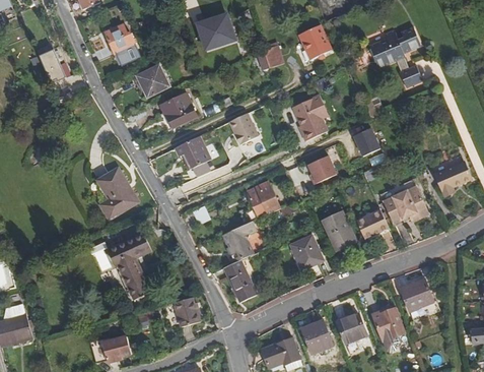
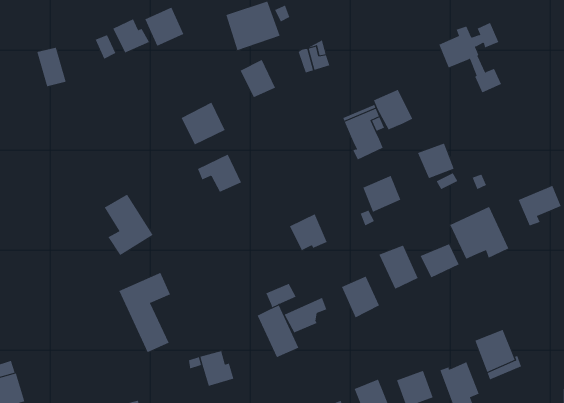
building: [299,26,332,60] -> [373,89,413,130]
building: [137,65,169,98] -> [144,7,184,47]
building: [228,113,258,144] -> [240,59,276,98]
building: [221,221,257,250] -> [284,297,327,333]

